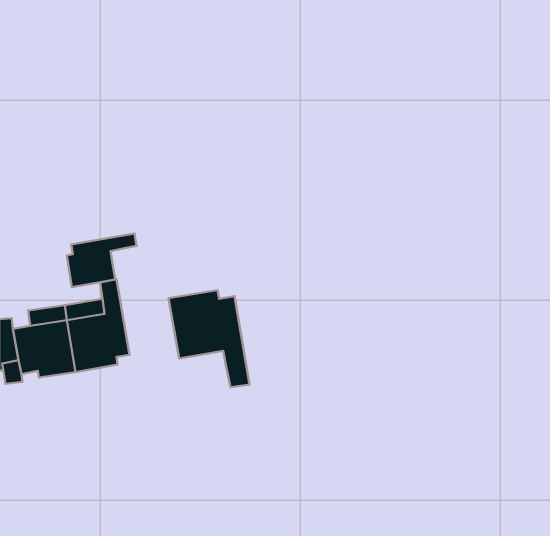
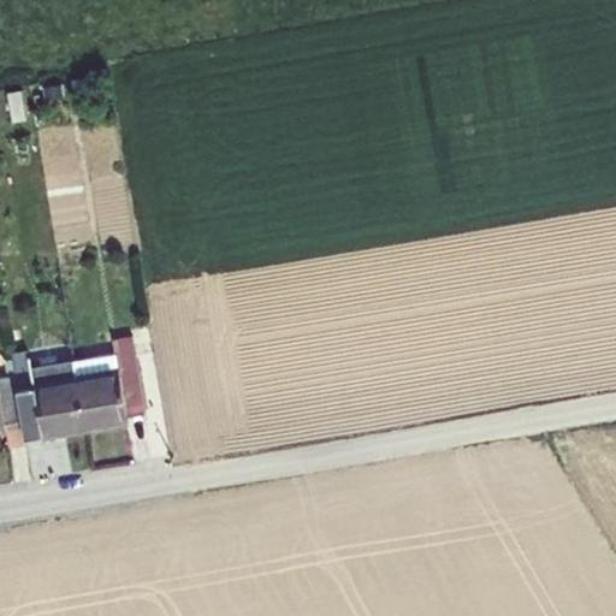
building: [67,233,136,287] -> none
building: [169,290,249,387] -> none

